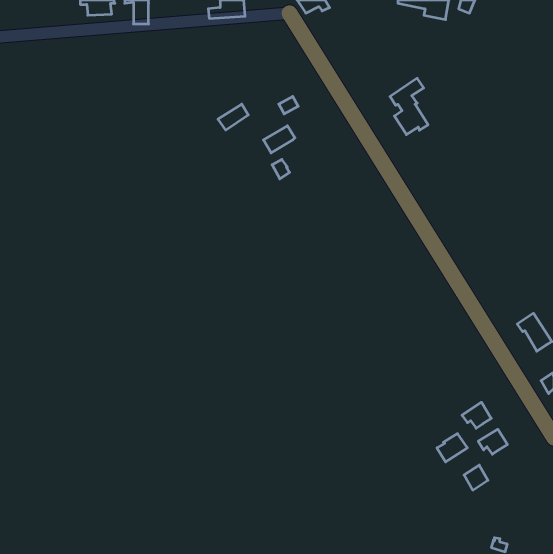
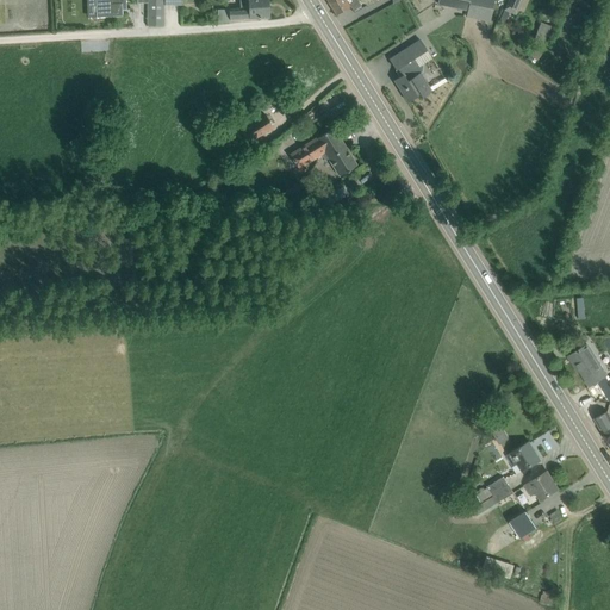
building: [390,78,428,135] -> [391,39,432,101]
building: none -> [317,127,357,176]

